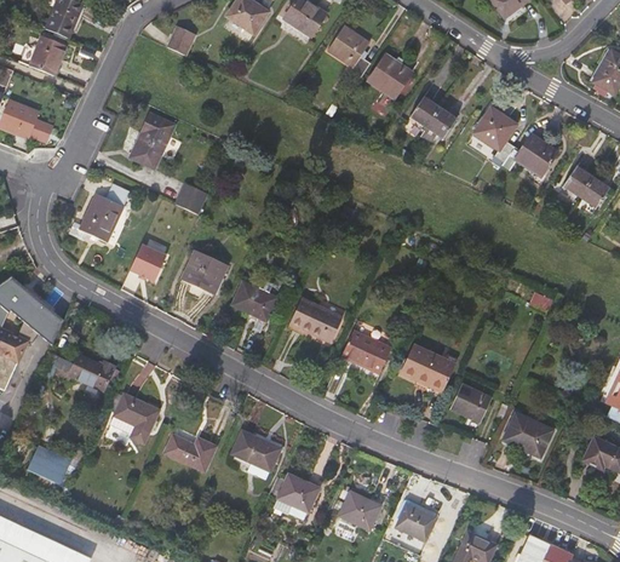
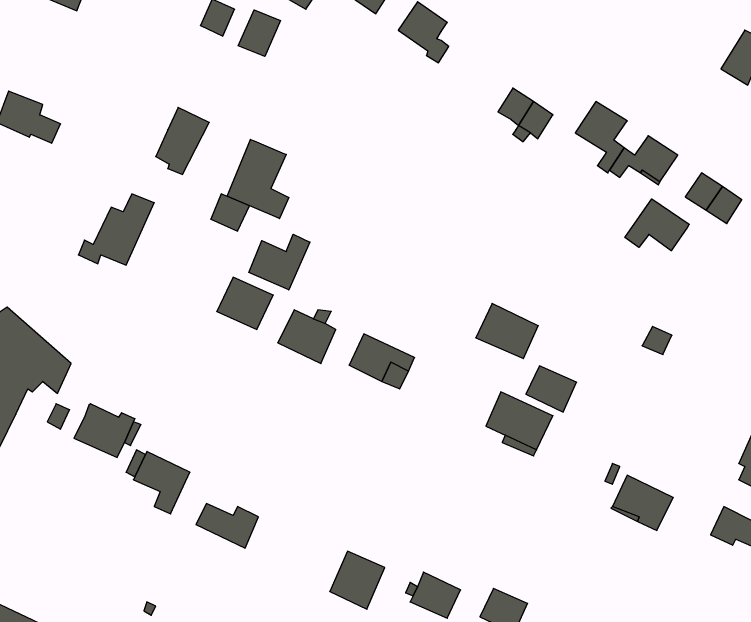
building: none -> [238,10,281,56]
building: [28,35,63,73] -> none
building: [367,55,412,98] -> none
building: none -> [227,139,289,219]
building: none -> [625,199,689,251]
building: none -> [249,234,310,290]
building: [131,246,166,281] -> none
building: [340,328,391,373] -> [476,303,538,359]
building: [450,384,492,422] -> [526,366,577,412]
building: [231,429,281,471] -> none
building: [28,443,71,481] -> none

